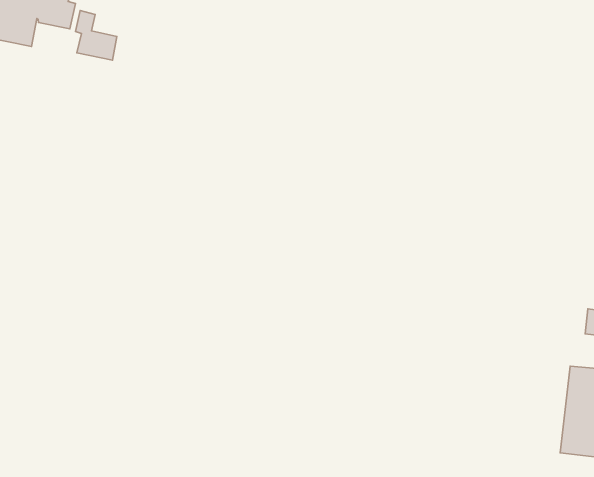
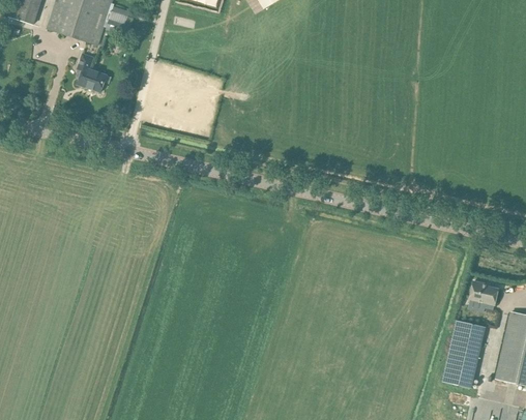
building: [76,10,117,60] -> [77,53,107,91]

